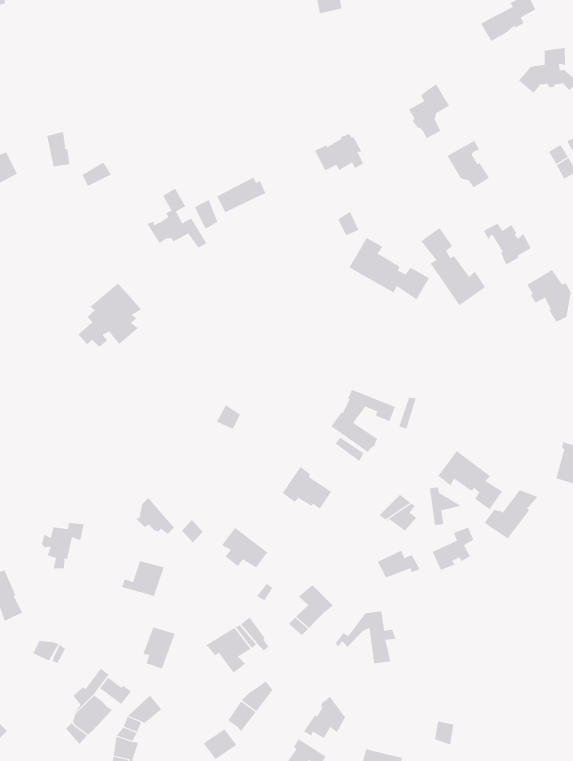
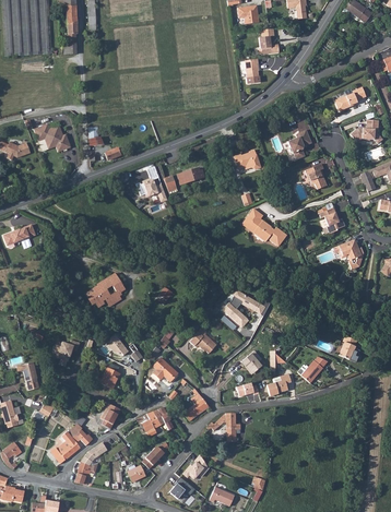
building: [421,227,486,306] -> none
building: [77,283,142,348] -> [86,273,123,307]
building: [438,450,503,510] -> none

